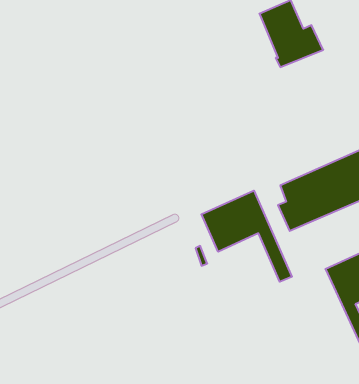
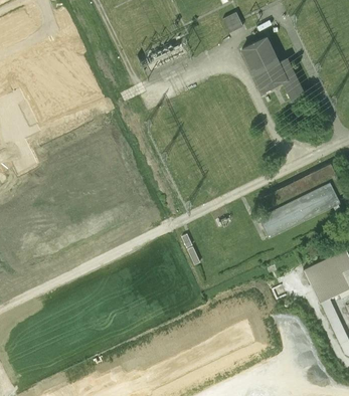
building: [201,191,292,282] -> none

